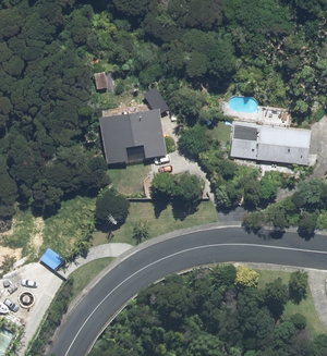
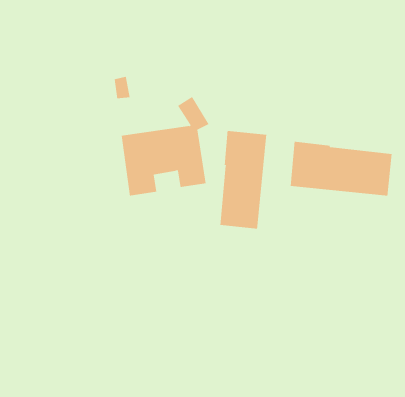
building: none -> [220,130,267,229]

